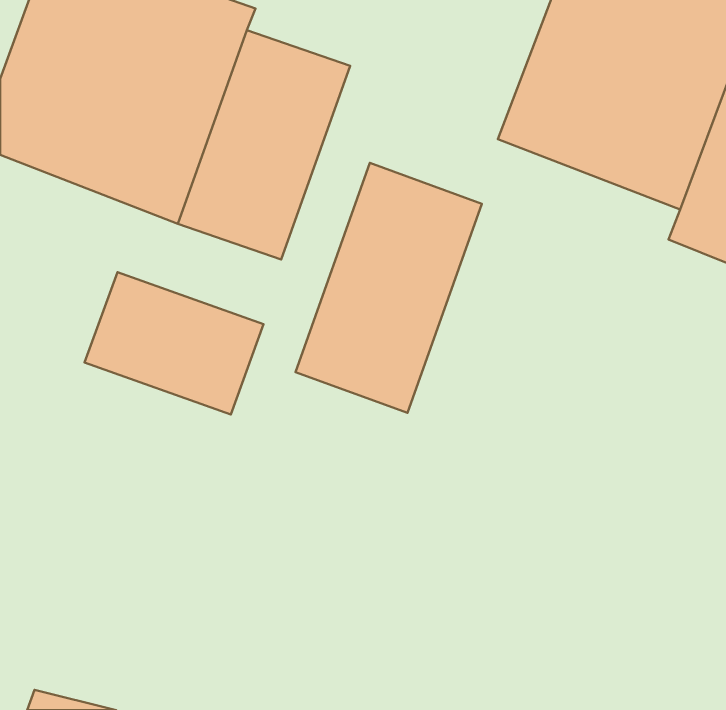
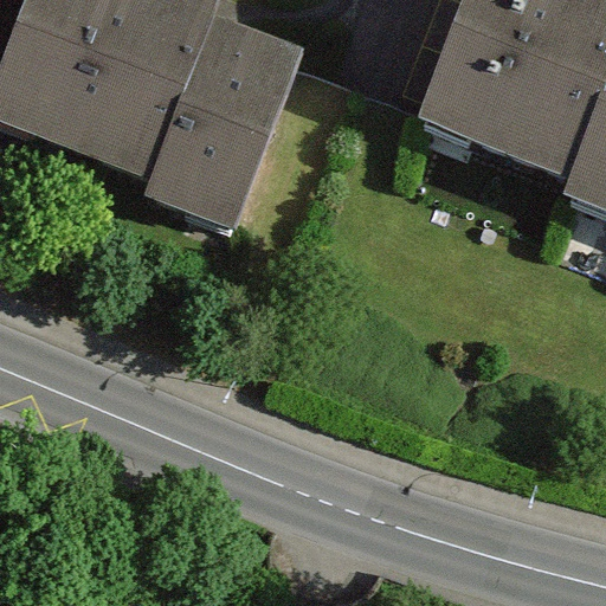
building: [295,163,482,413] -> none
building: [85,272,264,414] -> none

